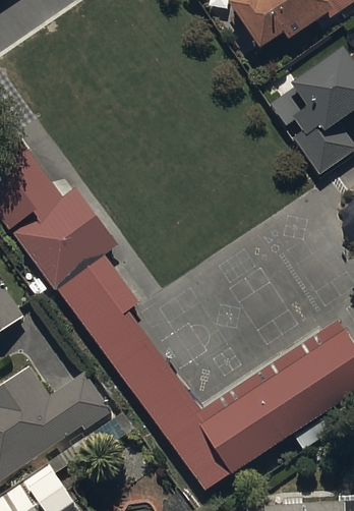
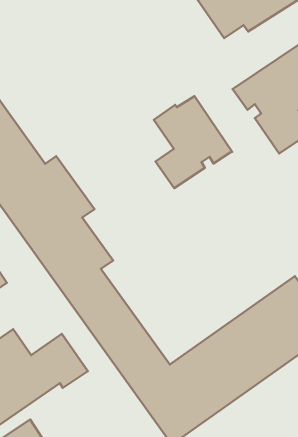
building: none -> [154,96,232,188]

